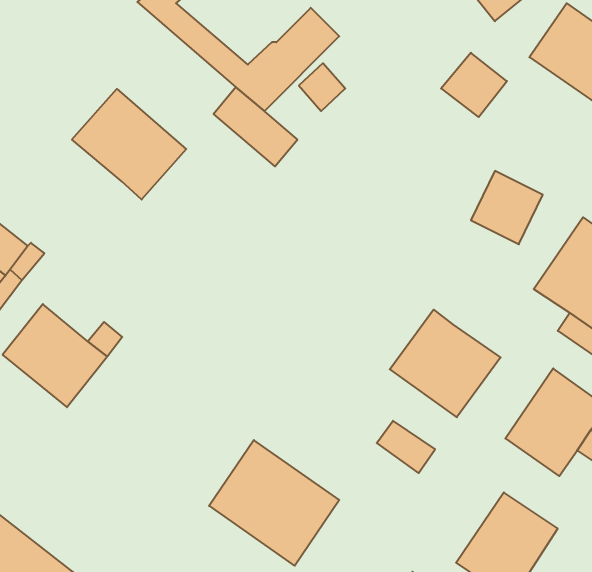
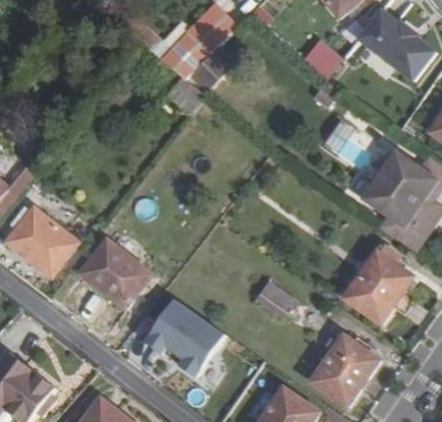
building: [72,89,186,200] -> none
building: [390,310,501,417] -> none
building: none -> [77,238,148,307]

